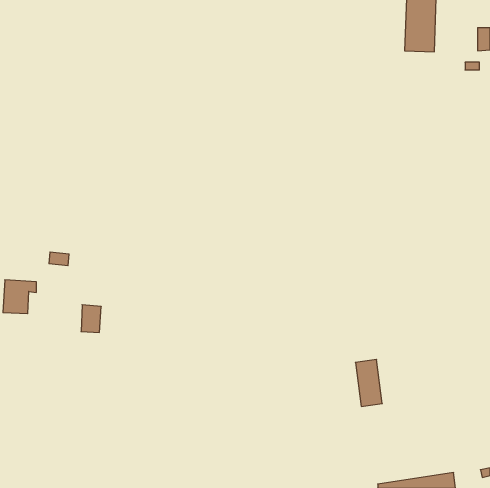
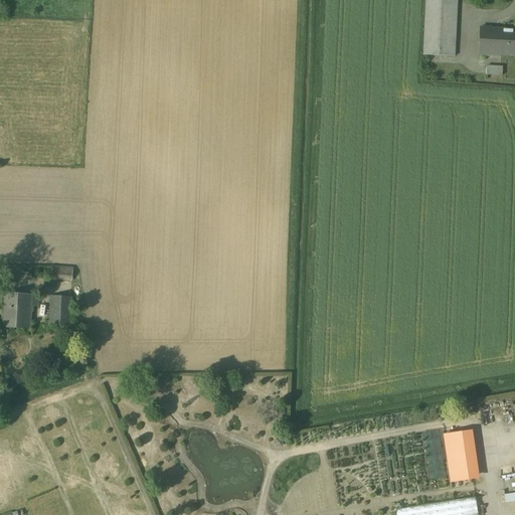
building: none -> [480,28,501,55]
building: [81,305,101,332] -> [49,296,70,325]
building: [355,359,382,406] -> [445,431,473,480]

